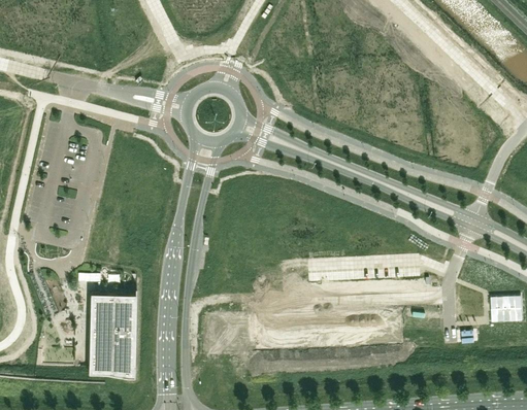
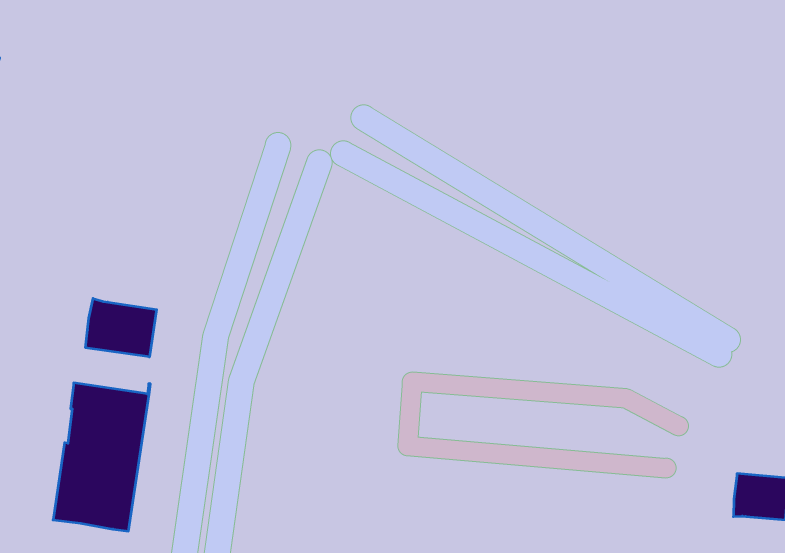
building: none -> [86,298,157,357]

